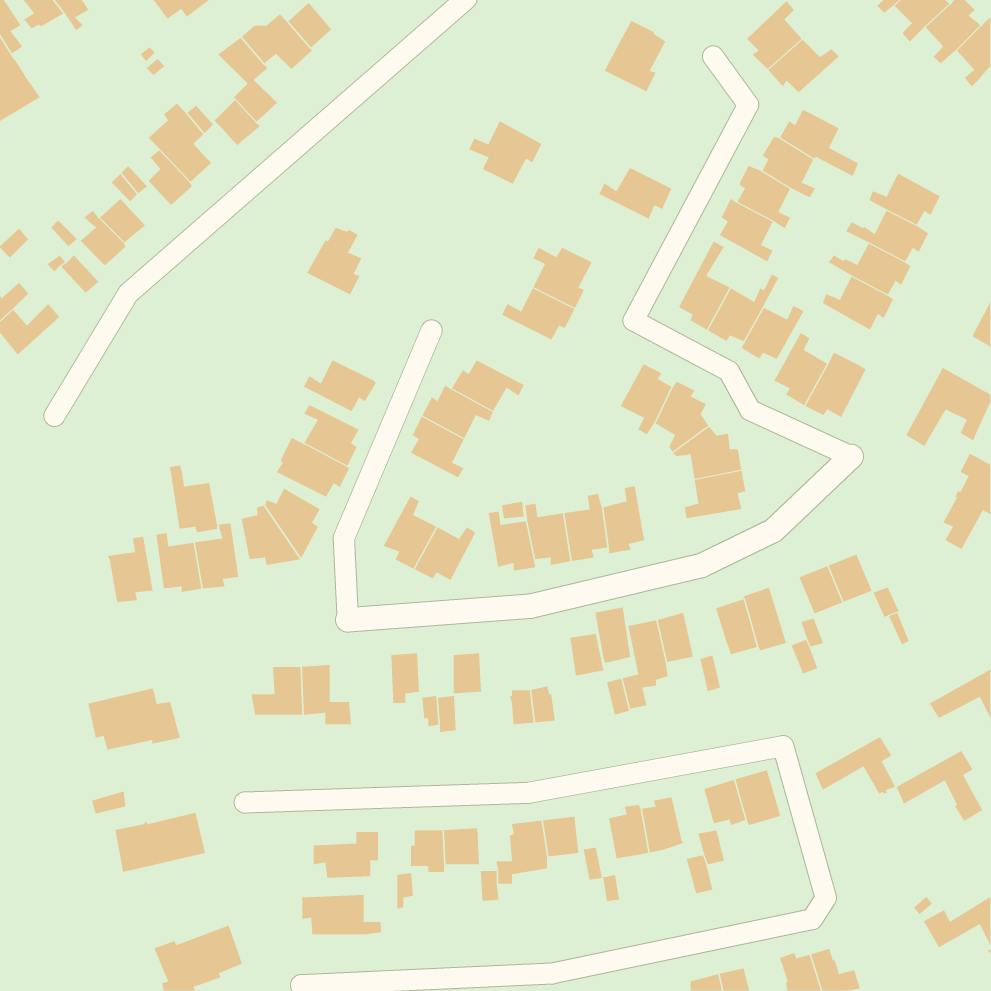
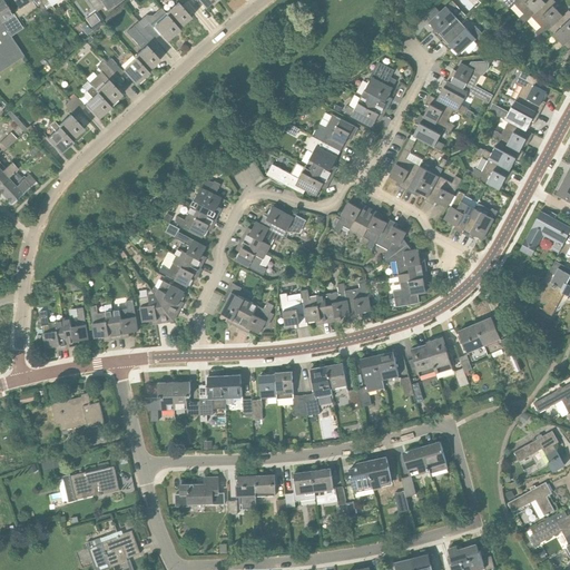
building: [604,20,666,92] -> [361,67,396,108]
building: [468,120,542,185] -> [314,114,356,150]
building: none -> [514,77,546,112]
building: [306,227,362,295] -> [189,179,222,218]
building: none -> [333,202,368,233]
building: [169,465,218,533] -> [39,311,67,350]
building: [594,607,631,663] -> [309,365,331,397]
building: none -> [274,371,293,404]
building: none -> [200,375,225,419]
building: [815,736,896,795] -> [507,481,553,514]
building: [302,894,382,935] -> none

